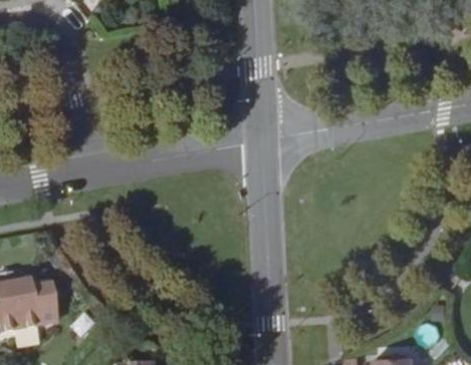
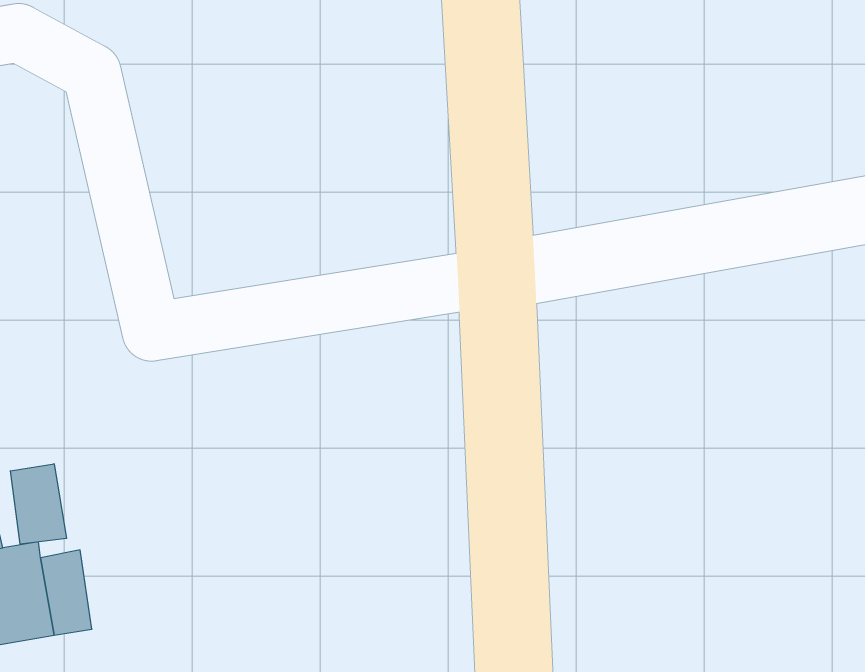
building: none -> [11,464,67,544]

